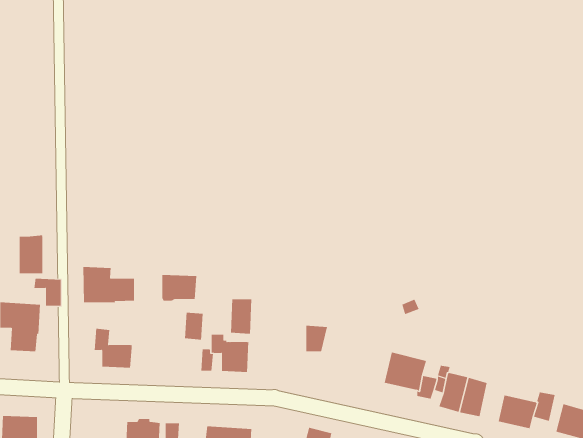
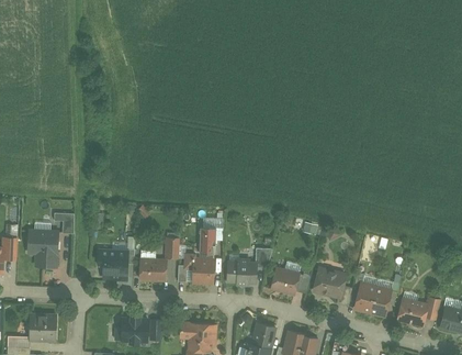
building: [19,234,43,274] -> none
building: [83,266,135,303] -> none
building: [162,274,197,301] -> [139,259,166,279]
building: none -> [227,259,255,284]
building: none -> [271,267,298,293]

